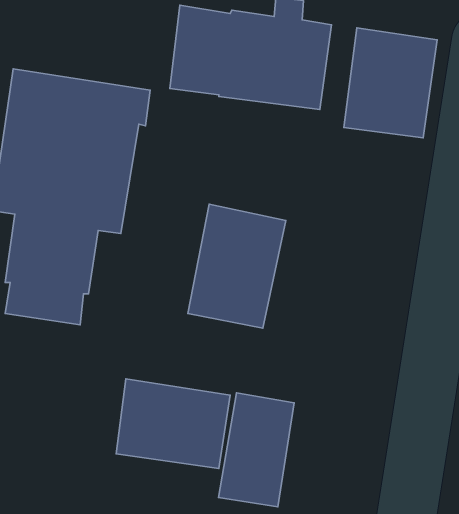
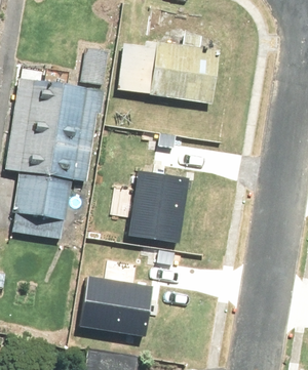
building: [344,28,437,138] -> none
building: [219,393,294,507] -> none

